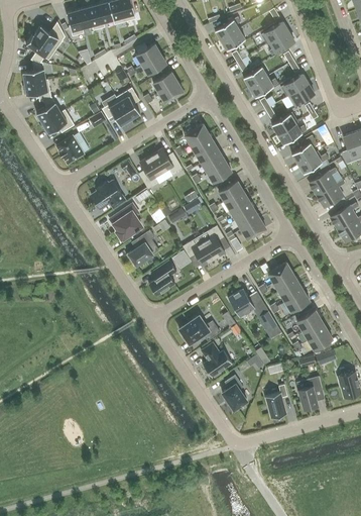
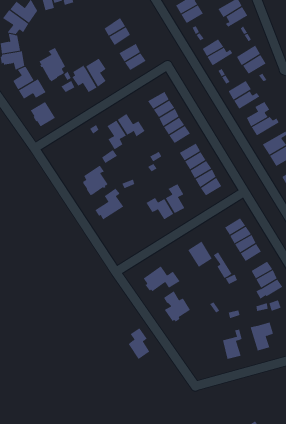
building: none -> [39,47,66,82]
building: [91,180,124,207] -> none
building: [148,260,176,295] -> none
building: [222,374,246,409] -> [128,328,150,360]

